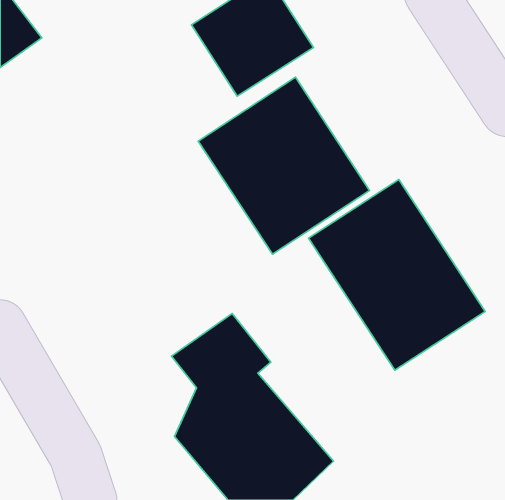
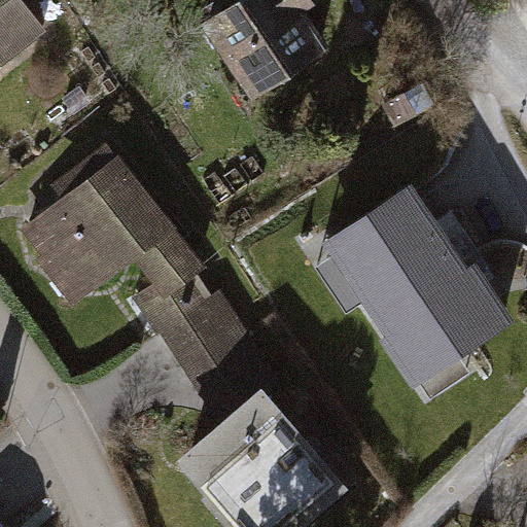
building: [198,77,369,254] -> none
building: none -> [17,155,243,370]

